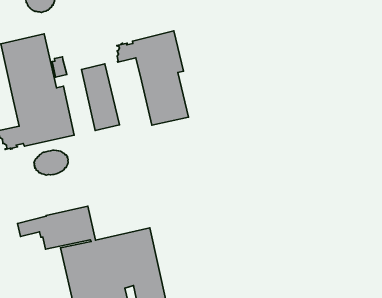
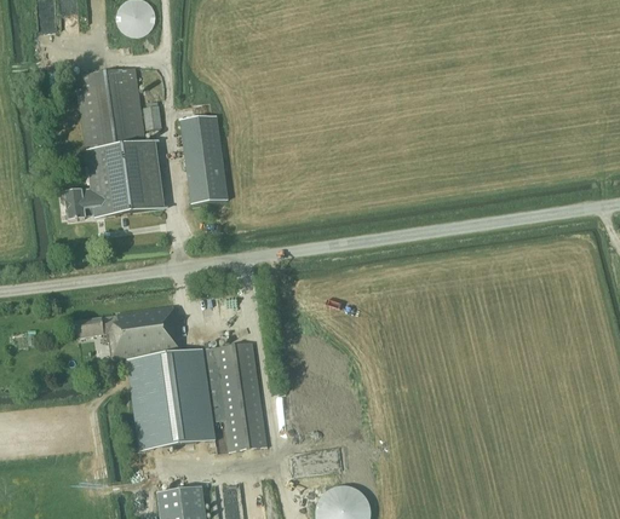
building: [117,31,188,125] -> none
building: [34,150,68,175] -> none

